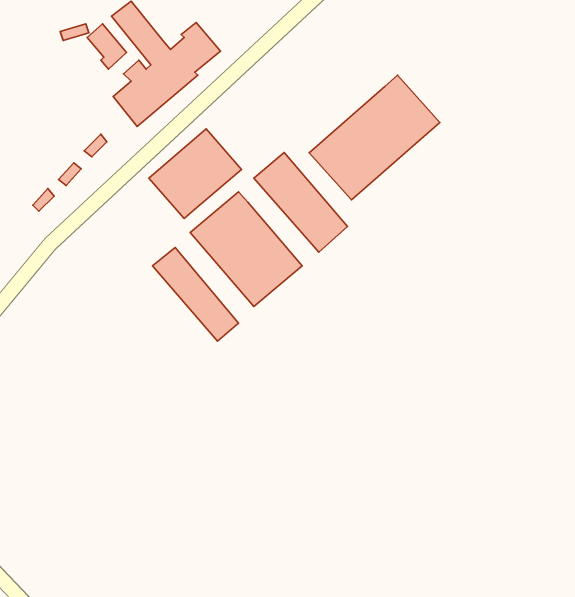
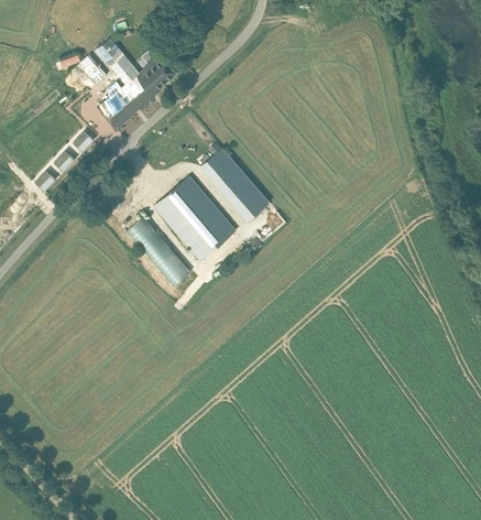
building: [309,75,440,200] -> none
building: [149,129,241,219] -> none

